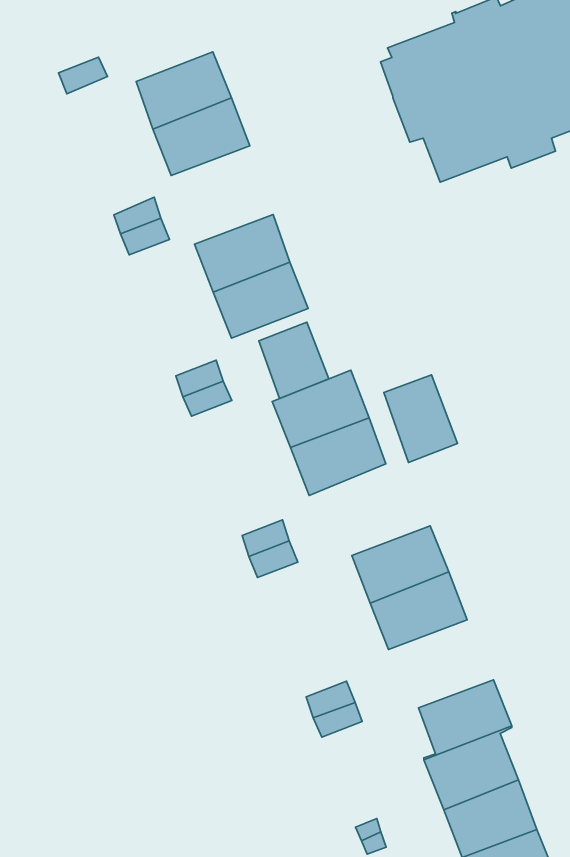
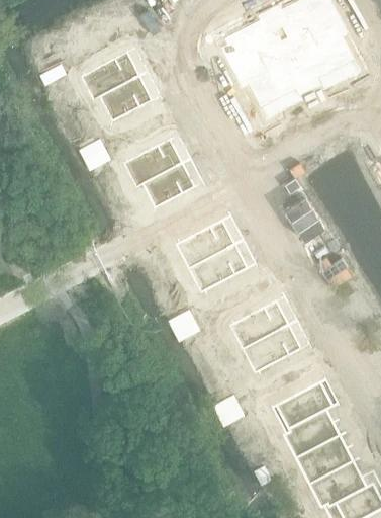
building: [259,322,329,398] -> none
building: [384,375,457,463] -> none

